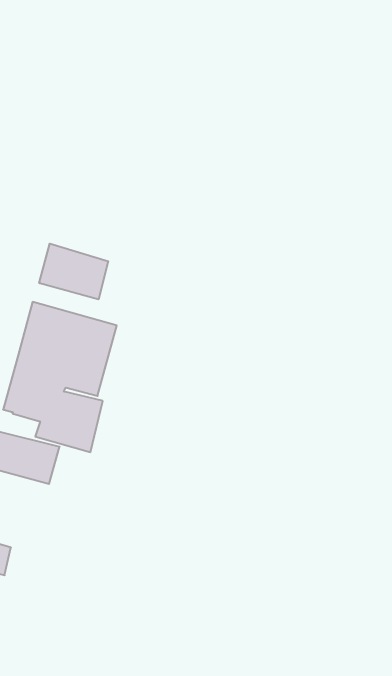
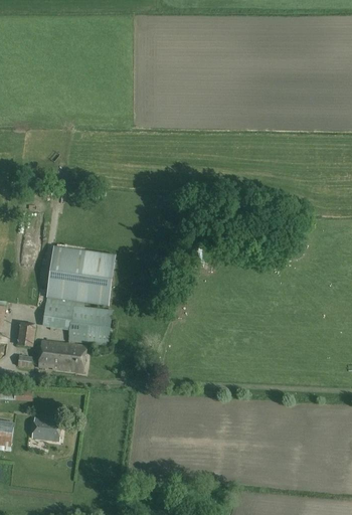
building: [39,244,108,299] -> none

